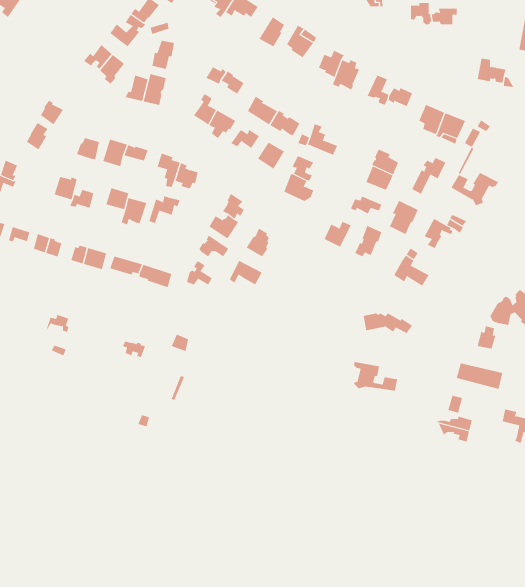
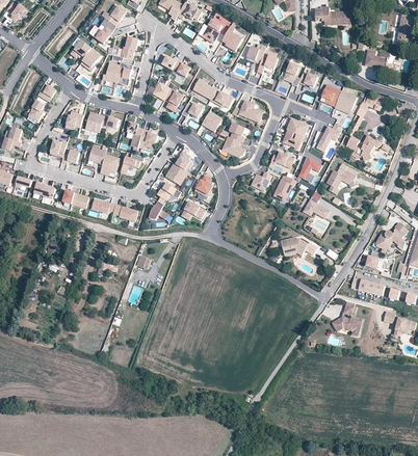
building: [353,361,398,392] -> none

